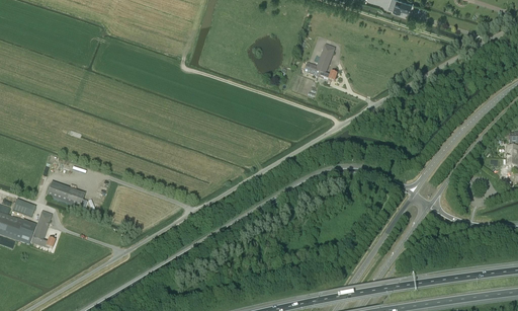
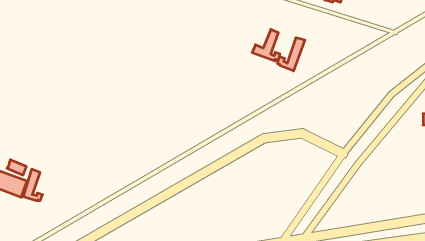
building: none -> [278,38,305,71]
building: [47,181,85,208] -> none

